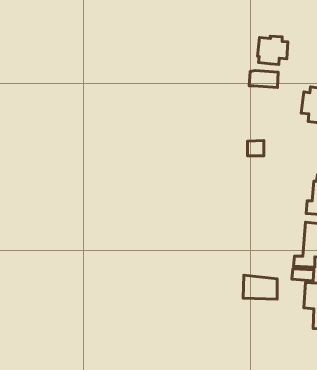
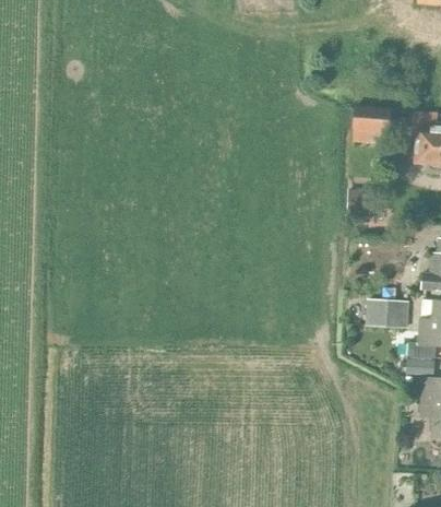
building: [257,36,288,64] -> none
building: [243,275,277,299] -> [366,296,409,327]

